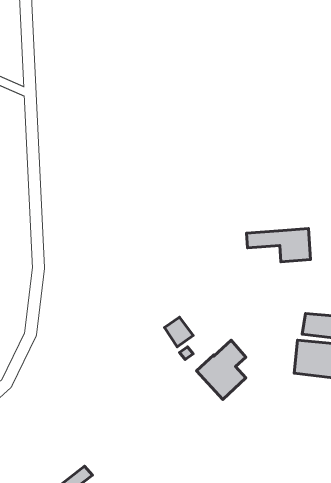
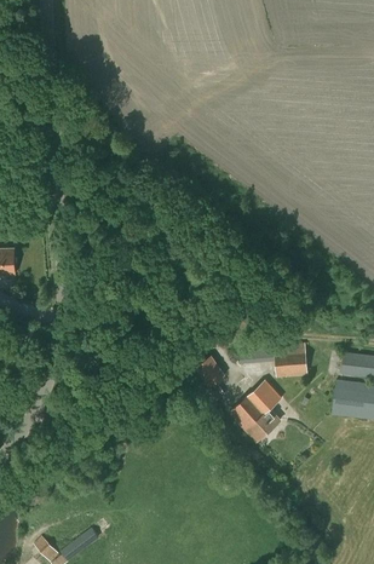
building: [247,228,311,262] -> [240,344,307,379]

